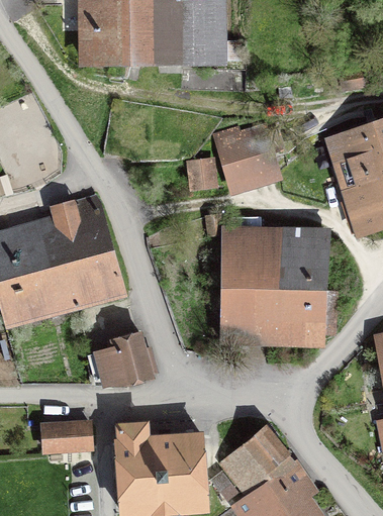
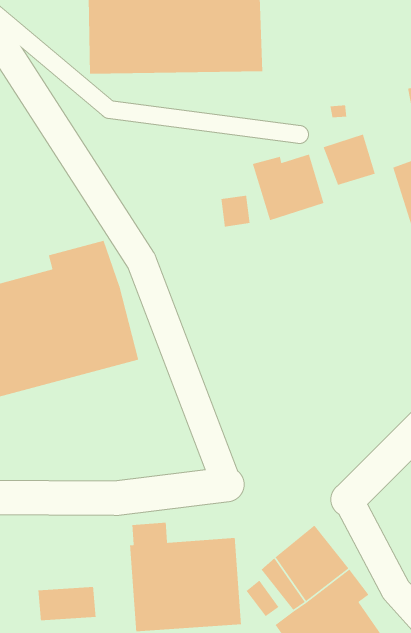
building: none -> [323,133,376,186]
building: [221,234,328,342] -> none
building: [90,332,155,385] -> none
building: [43,422,91,450] -> [38,586,96,621]

